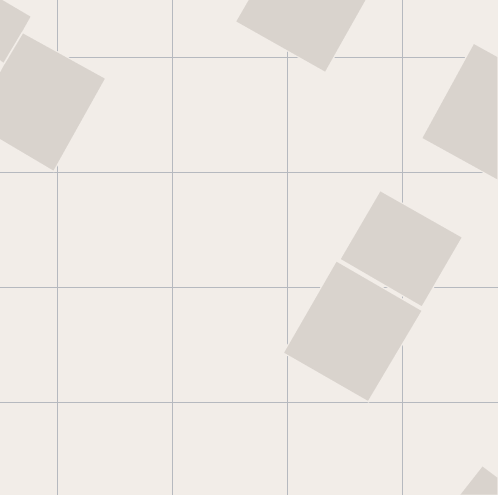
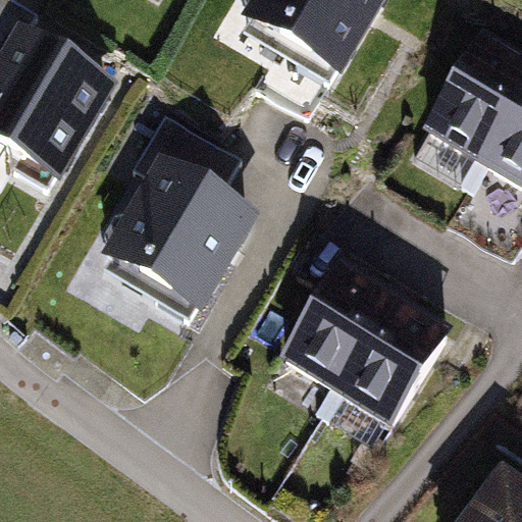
building: none -> [103,120,258,313]
building: [340,190,462,307] -> none

